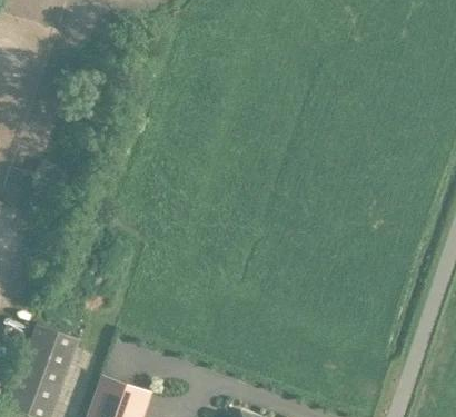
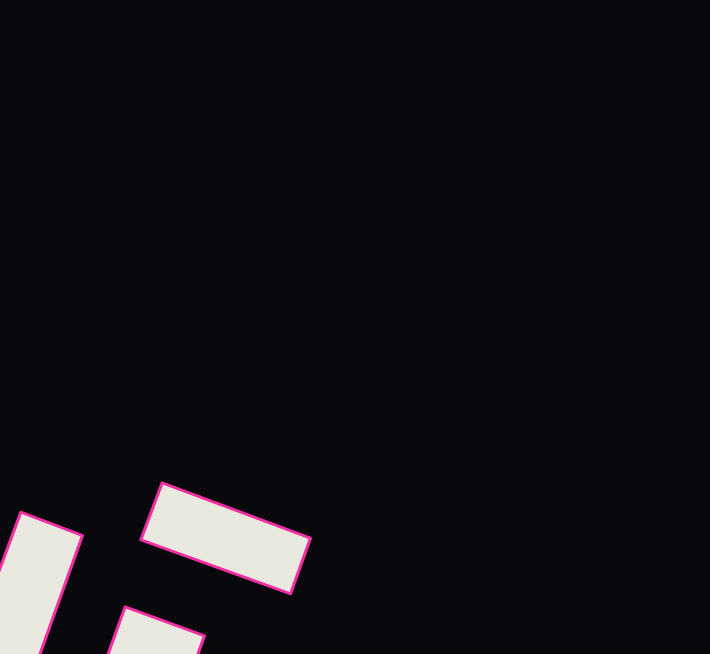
building: none -> [141,483,311,594]

